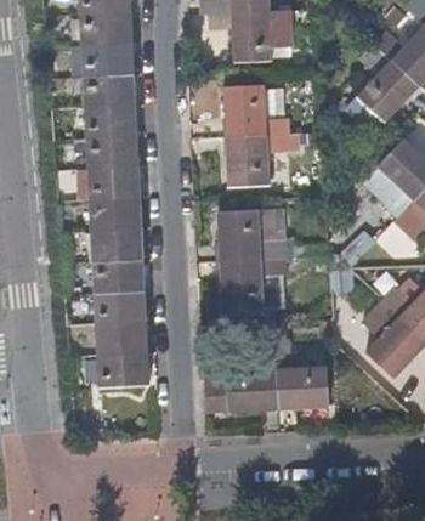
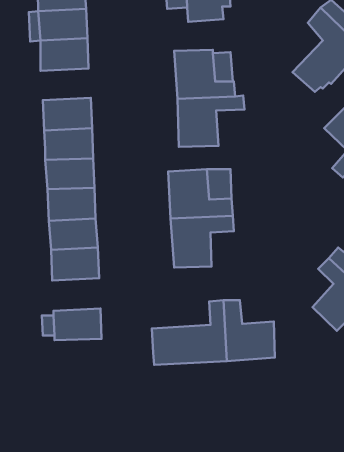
building: [84,104,136,137] -> none
building: [96,322,146,356] -> none

